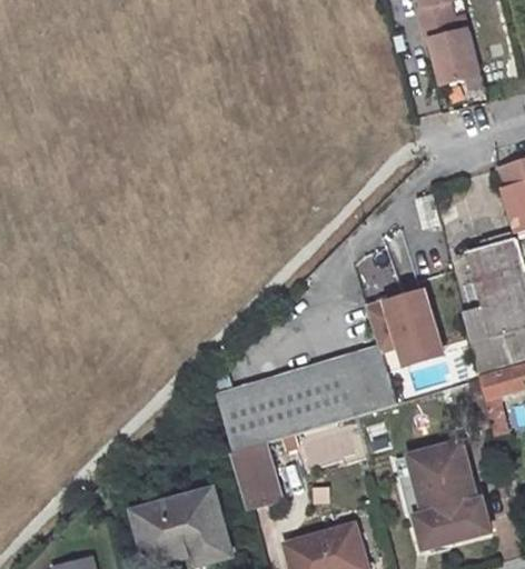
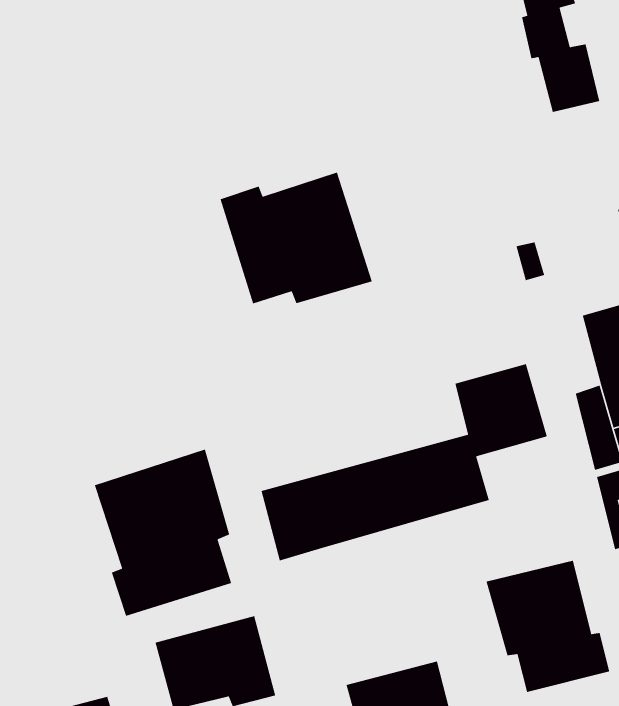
building: none -> [219,171,373,304]
building: none -> [94,448,232,617]
building: [230,436,279,501] -> none

